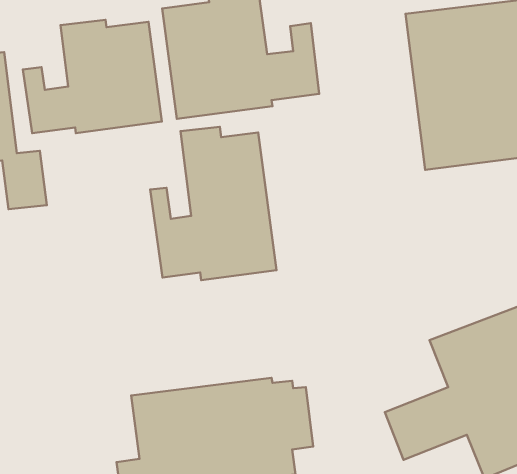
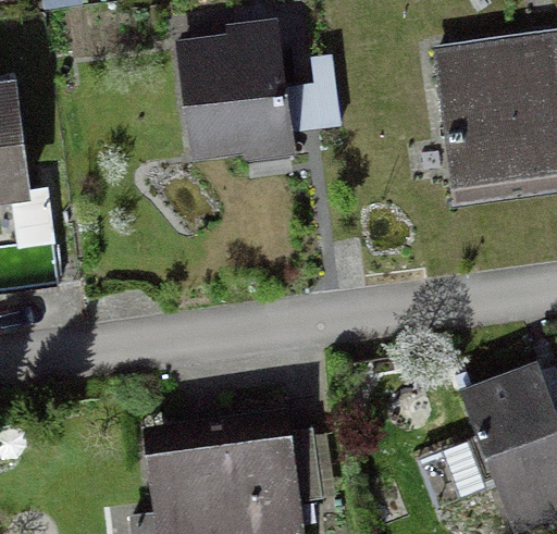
building: [23,20,162,133] -> none
building: [150,127,276,280] -> none

